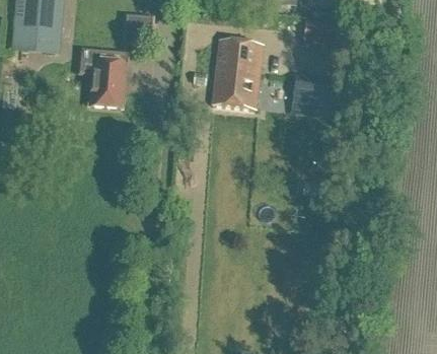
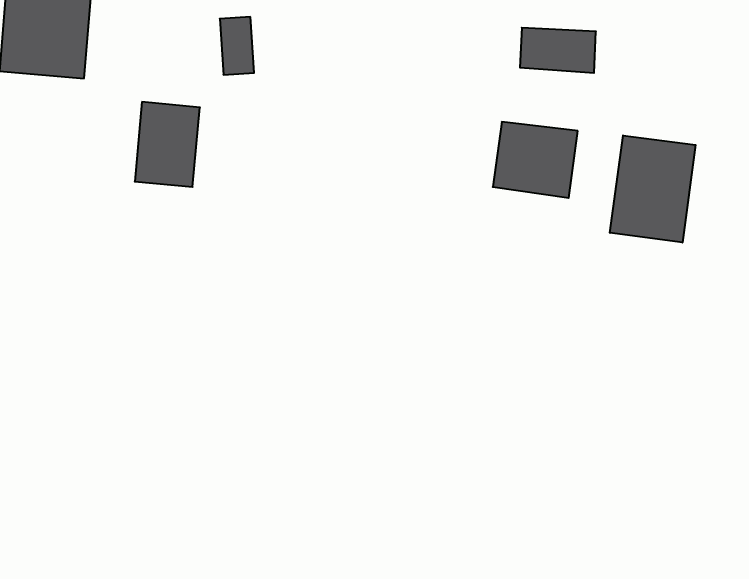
building: [211,39,264,109] -> none
building: none -> [610,135,696,243]

